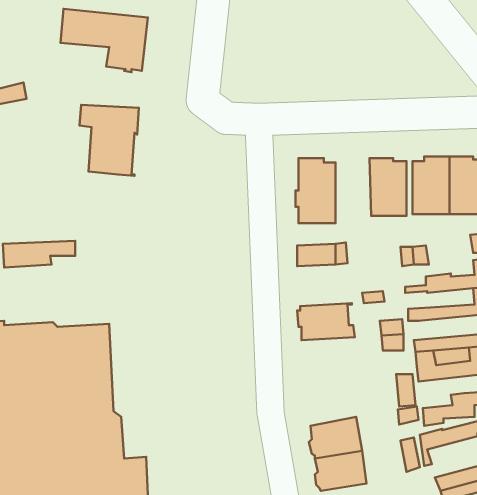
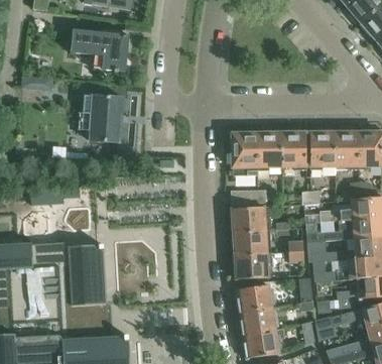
building: none -> [258,130,282,169]
building: none -> [231,206,269,231]
building: none -> [234,252,271,278]
building: none -> [237,284,272,313]

